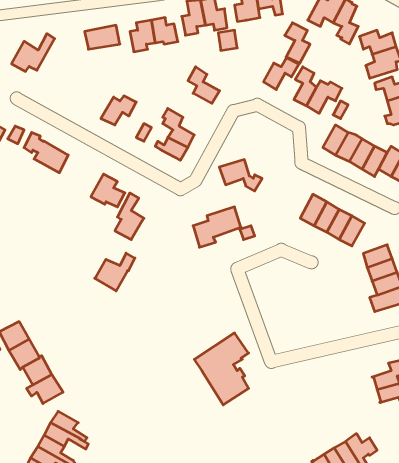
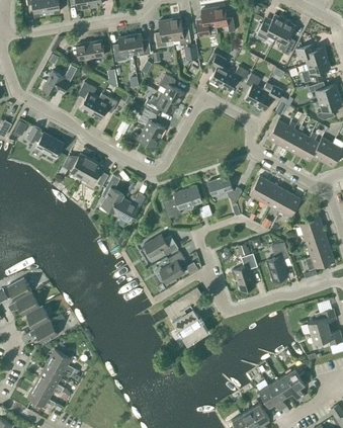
building: [285,23,310,63] -> [207,54,228,86]
building: [12,34,55,71] -> [42,65,77,95]
building: none -> [77,83,99,115]
building: none -> [144,93,178,113]
building: [219,160,262,191] -> [207,176,242,201]
building: none -> [62,154,91,178]
building: [95,253,135,291] -> [112,193,145,224]
building: none -> [144,235,177,257]
building: none -> [266,242,288,280]
building: none -> [159,252,186,283]
building: none -> [232,254,257,291]

